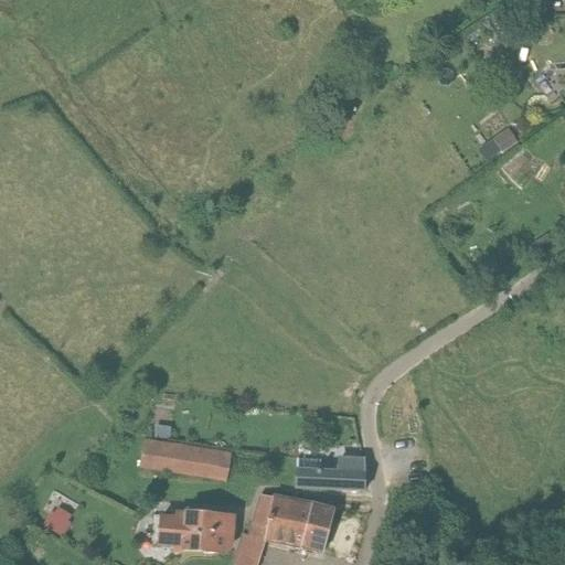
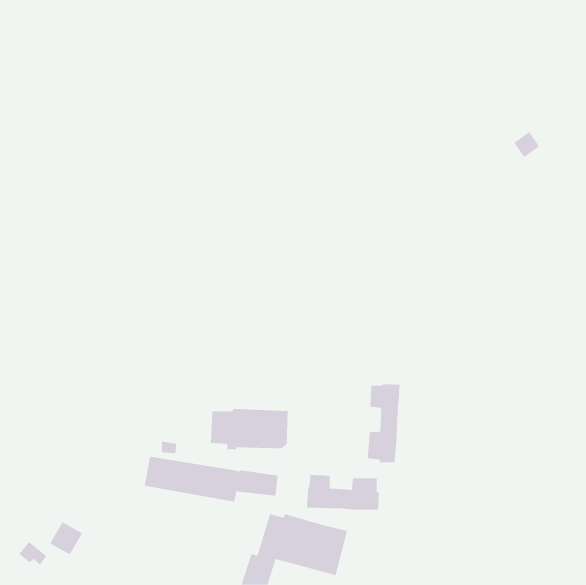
building: none -> [367,383,400,463]
building: [158,512,233,552] -> [210,409,289,450]

